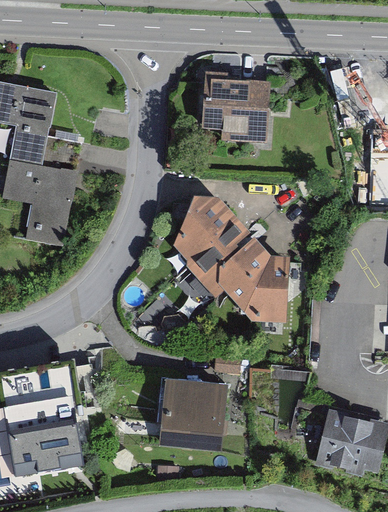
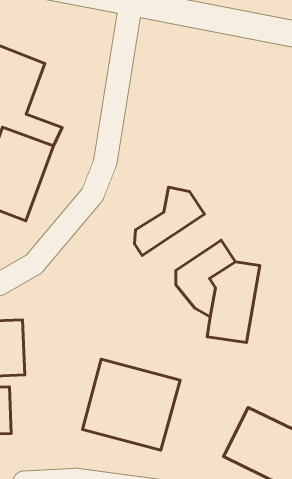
building: [199,71,272,138] -> none
building: [183,221,258,304] -> none

